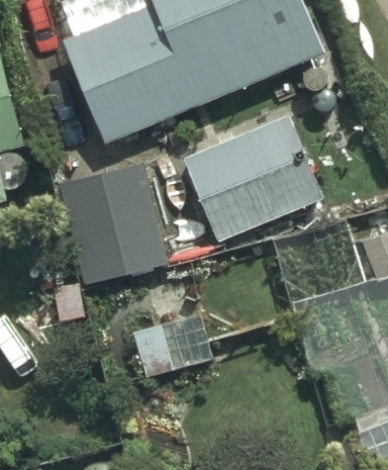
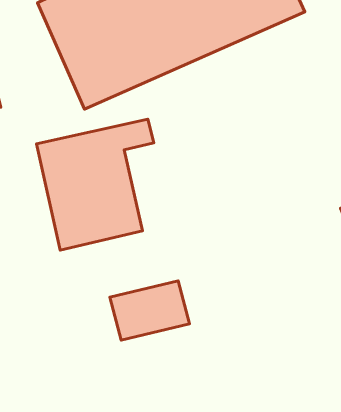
building: [182,117,320,240] -> none

